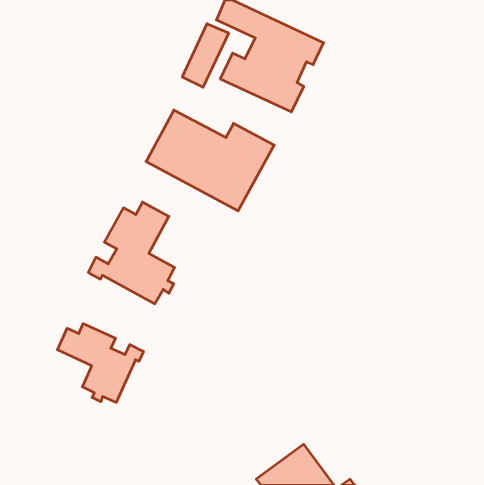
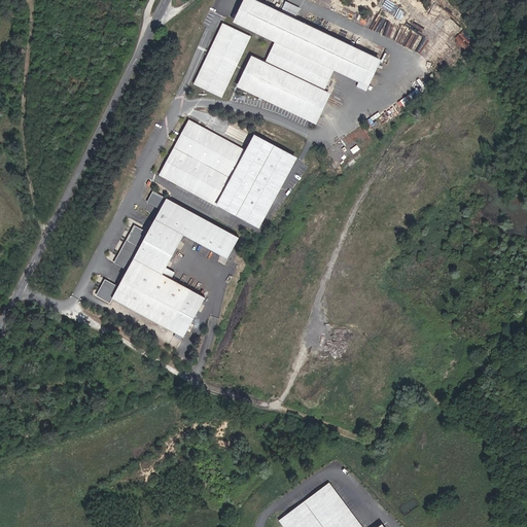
building: none -> [340,46,379,83]
building: none -> [154,198,239,258]
building: [57,324,143,402] -> none

